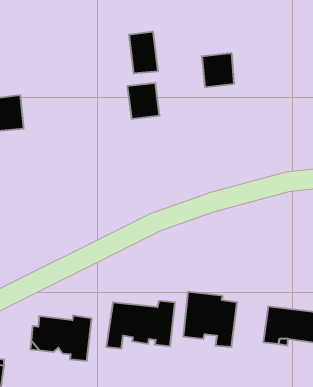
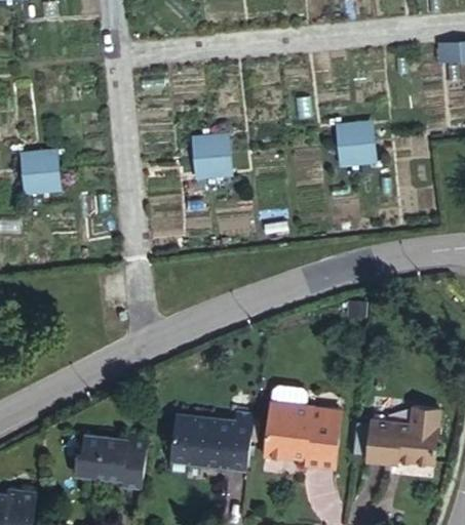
building: [129,31,158,74] -> none
building: [202,53,234,87] -> [337,123,378,166]

